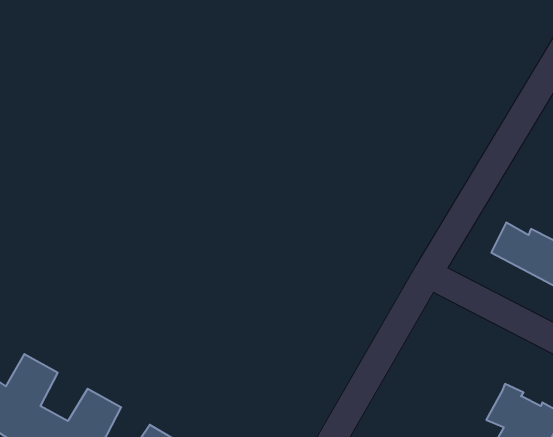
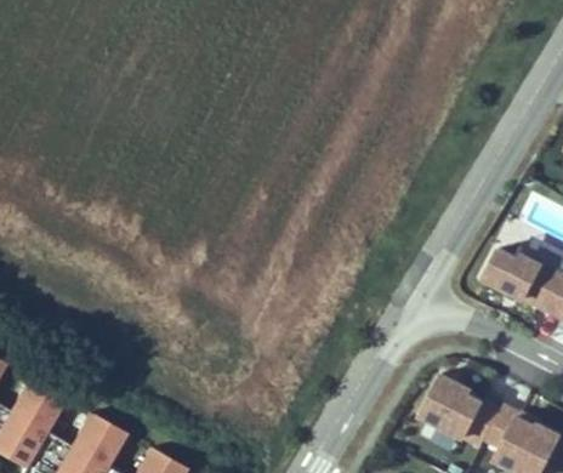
building: none -> [422,380,496,448]

